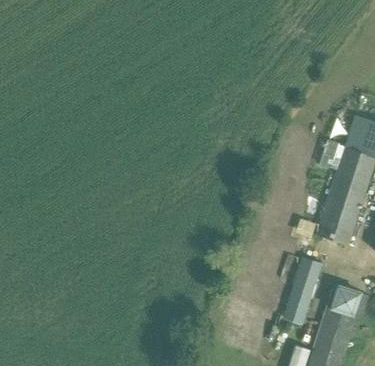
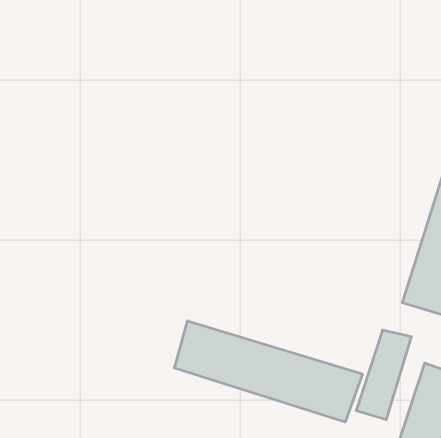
building: none -> [174,321,362,422]

